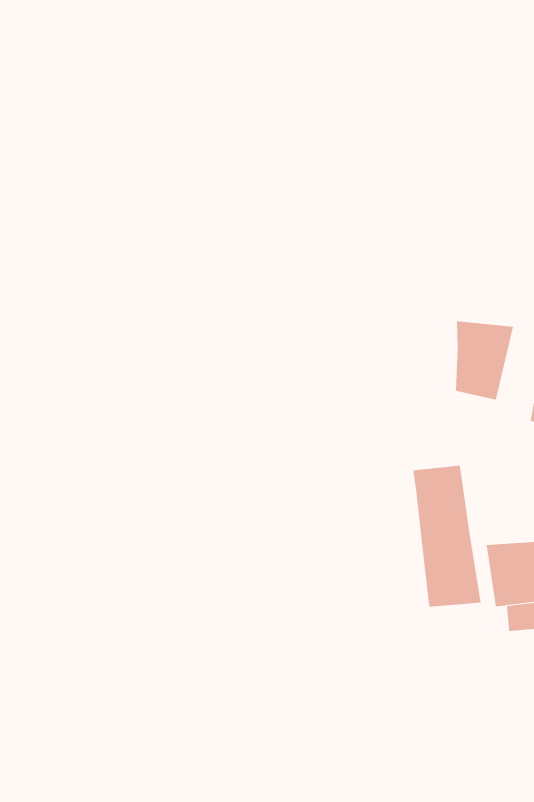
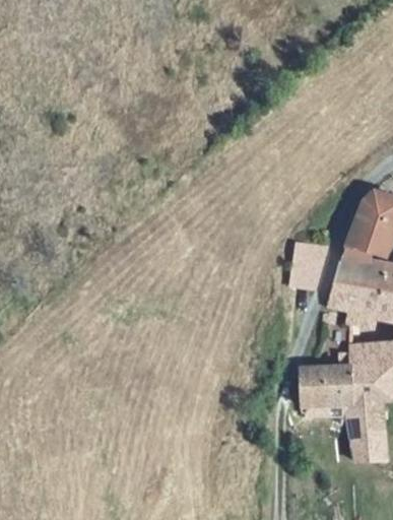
building: [413,465,481,607] -> none

